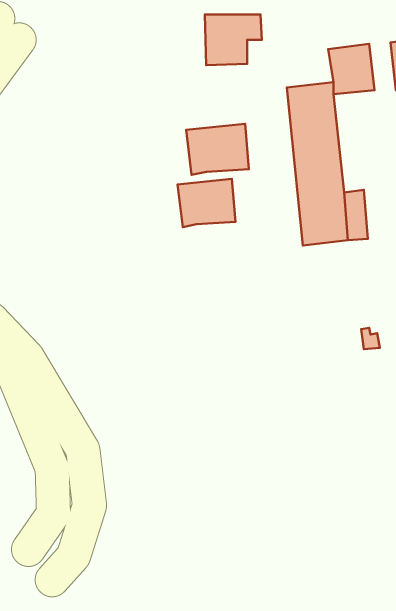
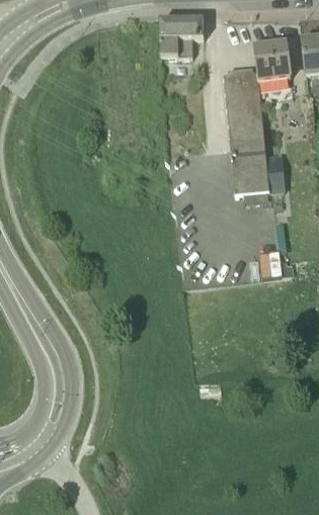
building: [186,124,249,175] -> none
building: [178,179,235,227] -> none

